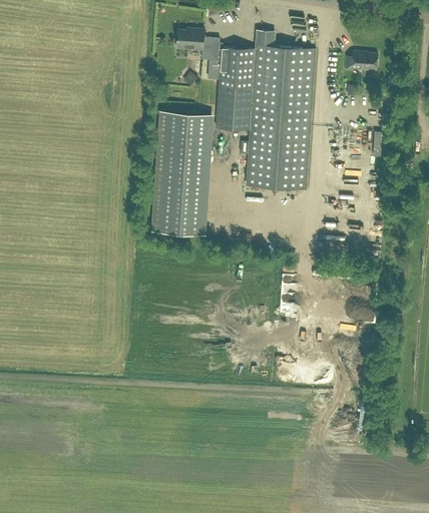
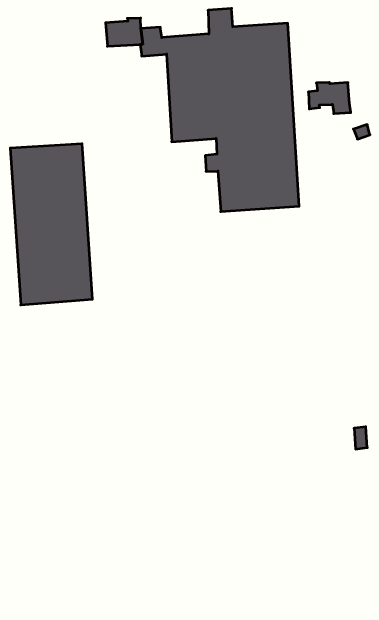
building: [345,51,377,77] -> [308,82,351,114]
building: [150,111,213,234] -> [10,144,92,305]

